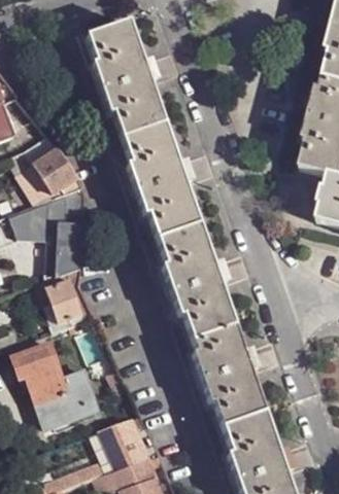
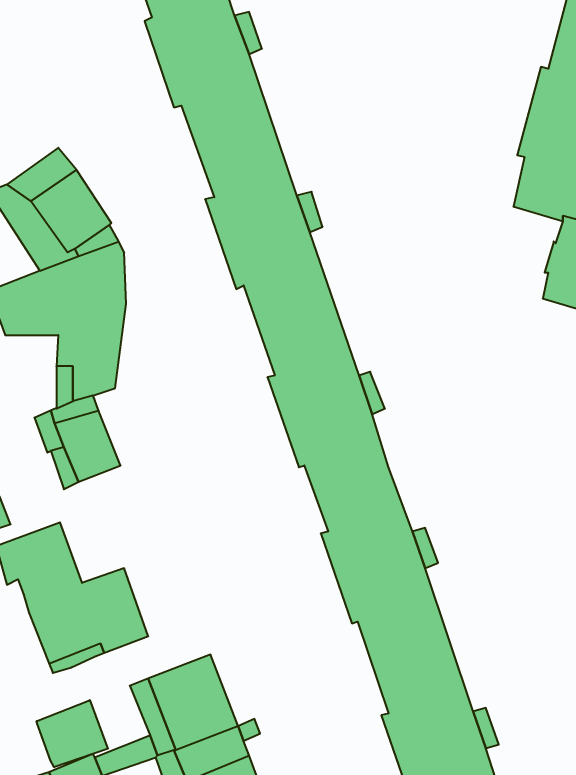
building: none -> [37,700,108,767]

